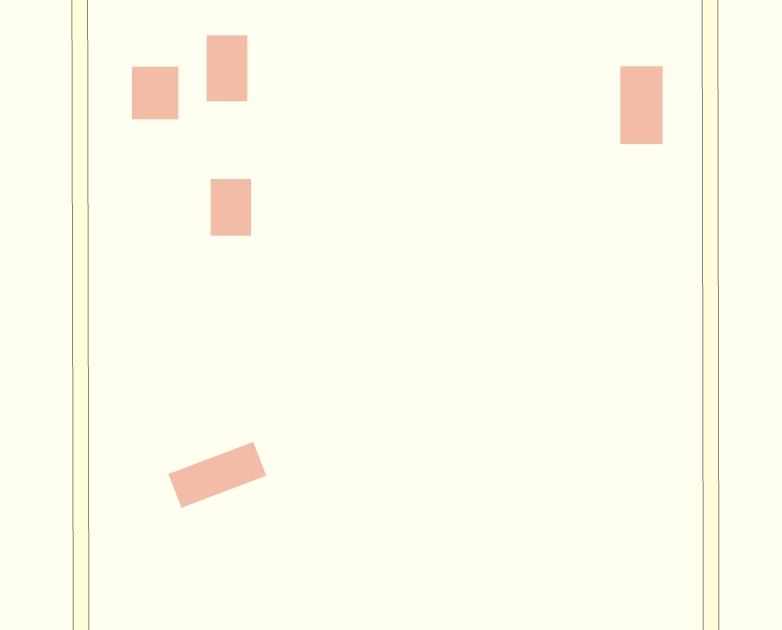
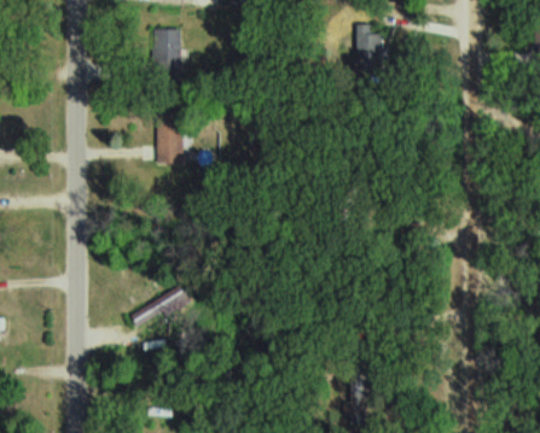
building: [132,66,179,120] -> none
building: [619,66,663,144] -> [355,22,383,71]

